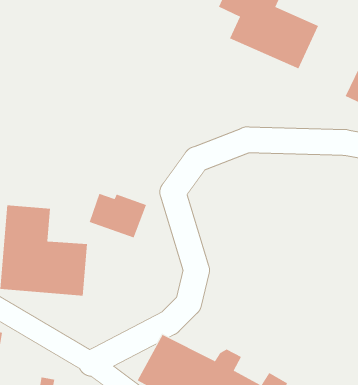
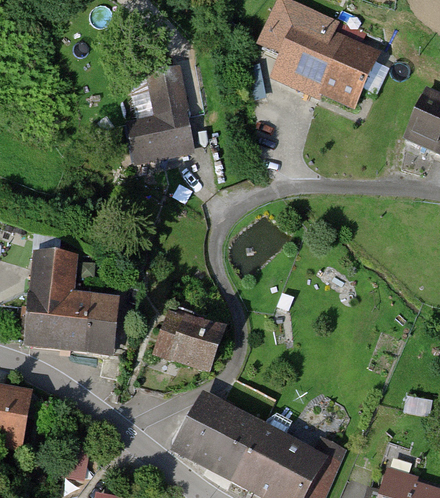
building: none -> [129,69,190,154]
building: [89,193,147,238] -> [157,319,221,369]

